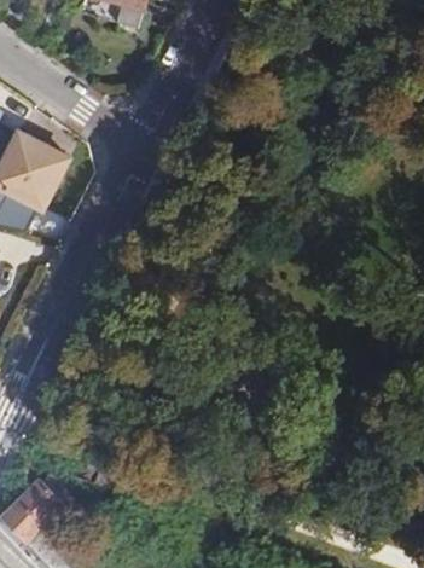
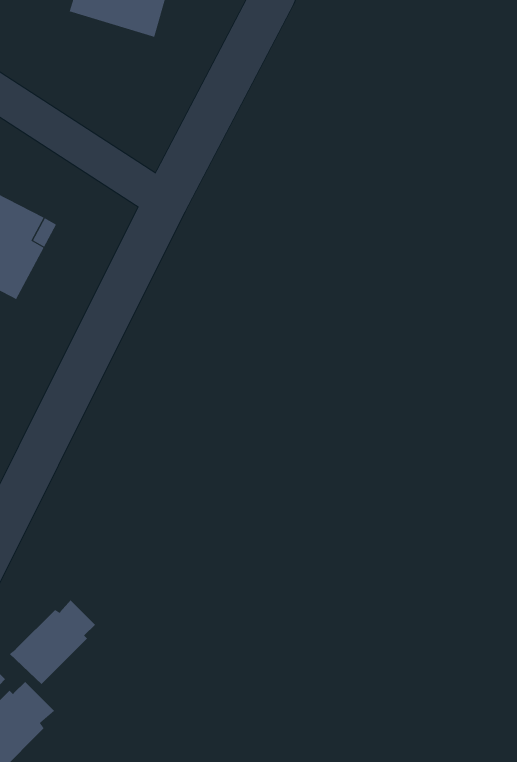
building: none -> [9,600,96,685]

